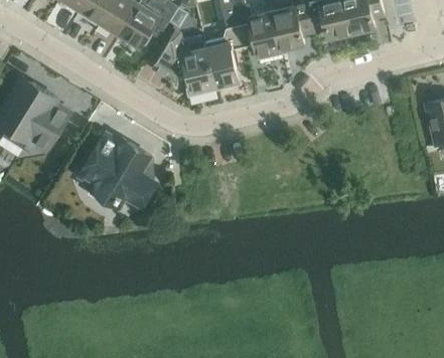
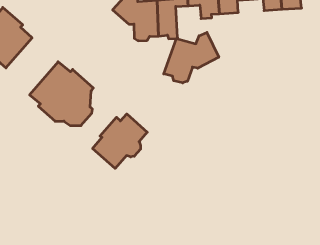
building: none -> [164,32,219,83]
building: none -> [93,114,147,168]

